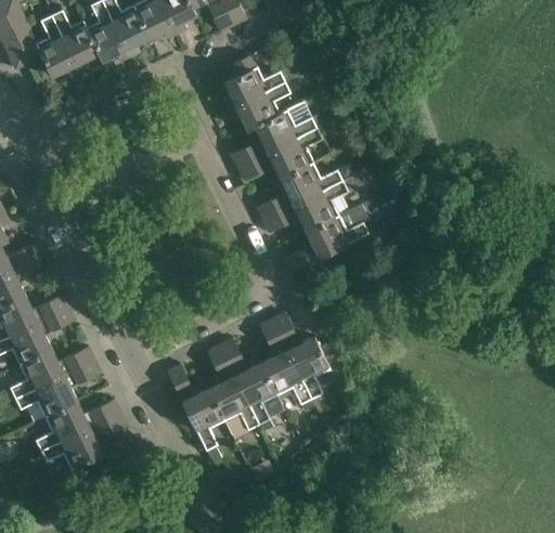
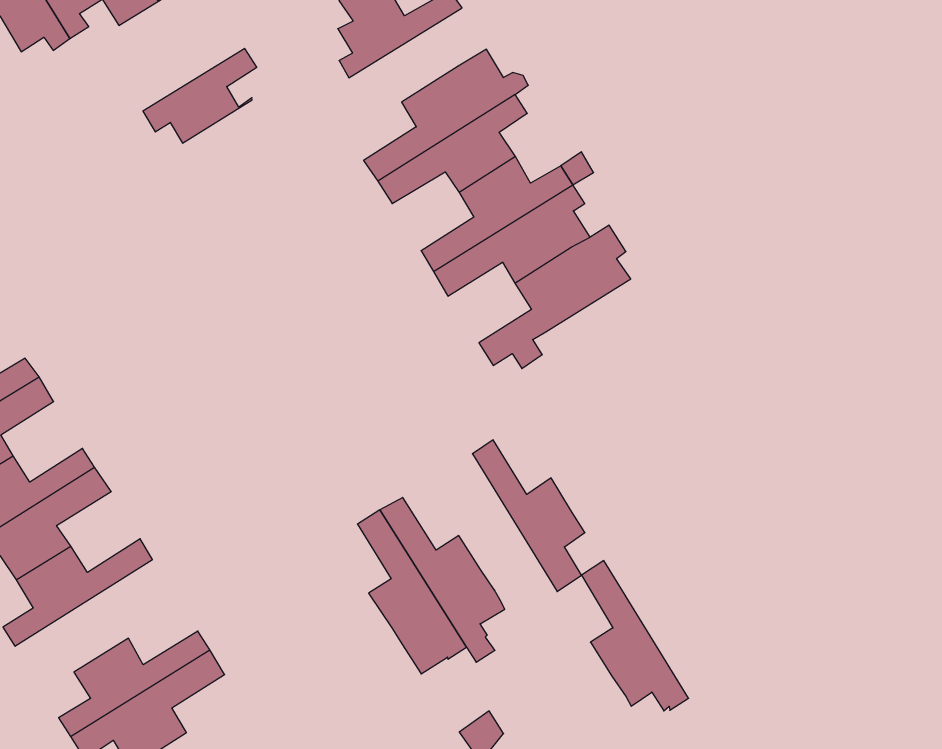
building: [227,81,291,129] -> [143,48,257,143]
building: [259,320,310,404] -> [581,561,689,711]
building: [14,359,100,415] -> none
building: [166,365,223,451] -> none

